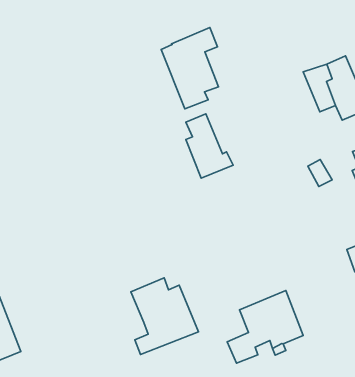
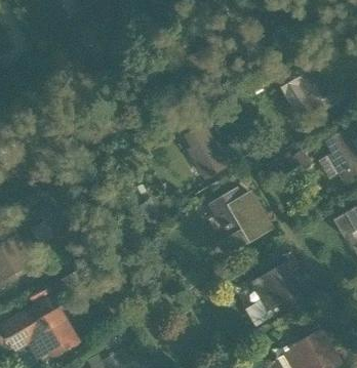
building: [161,28,219,109] -> none
building: [131,278,199,354] -> [210,189,271,254]

